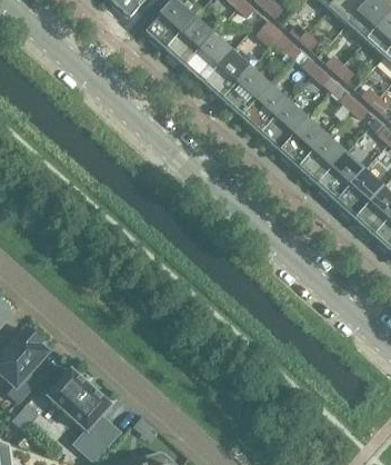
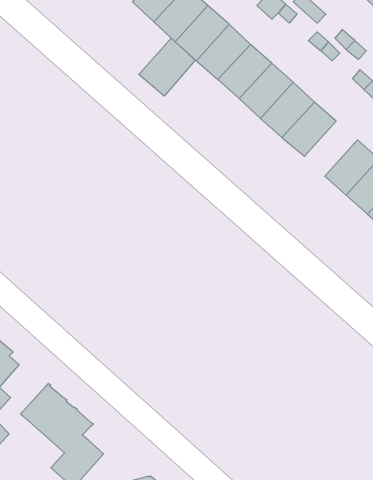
building: none -> [139,38,195,96]
building: [299,136,345,185] -> none

